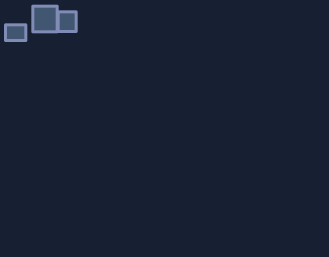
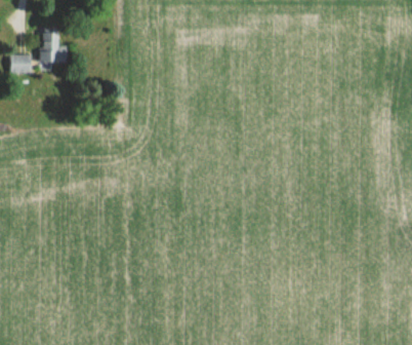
building: [58,12,76,32] -> none

